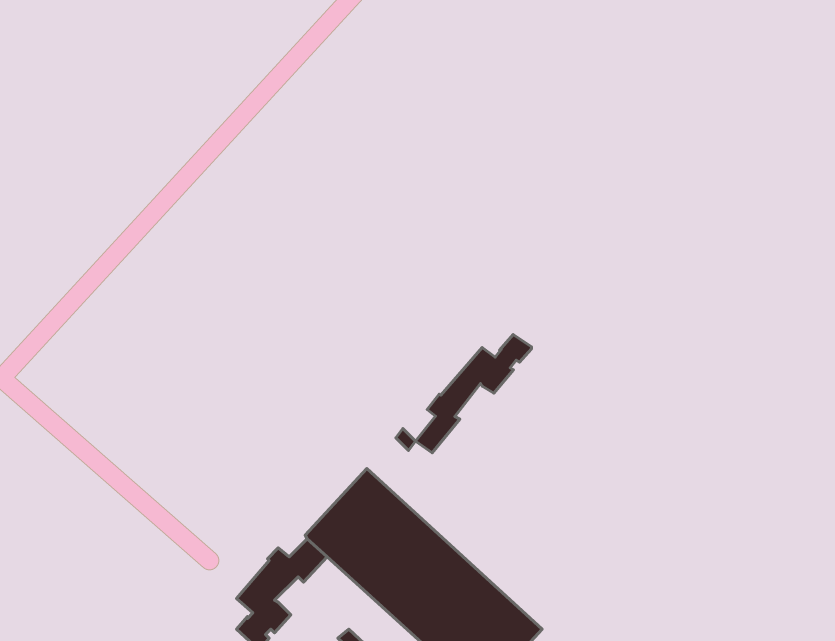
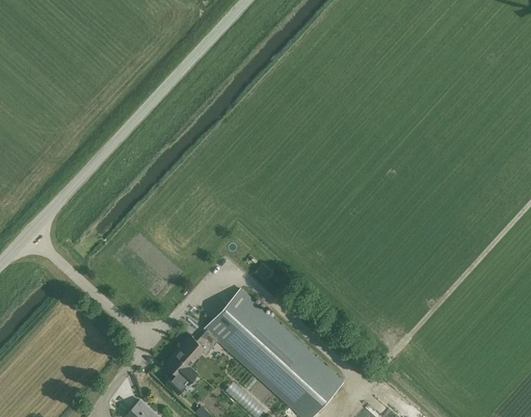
building: [416,334,532,453] -> none

